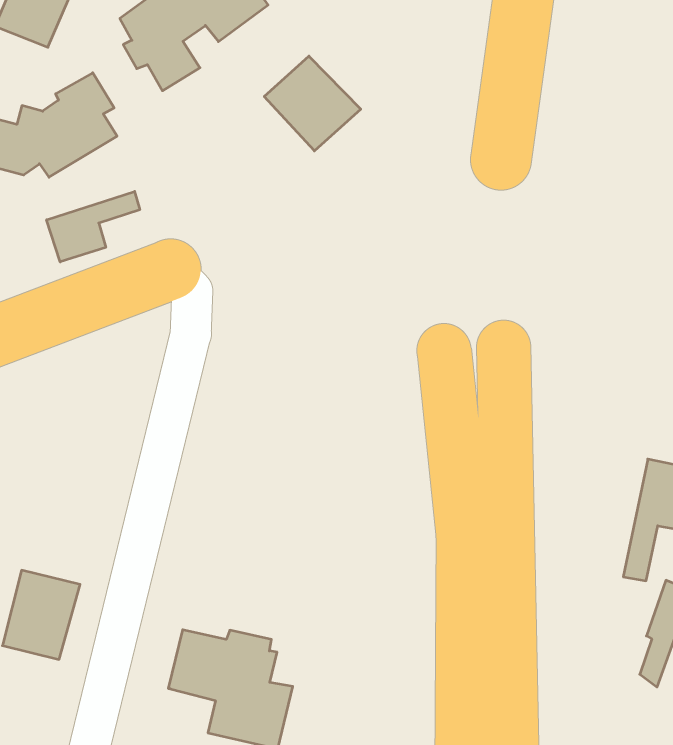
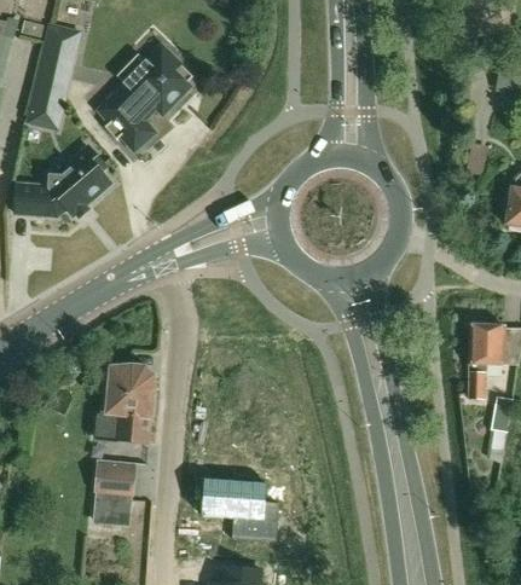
building: [264,56,361,151] -> none
building: [47,191,140,262] -> none
building: none -> [97,365,160,442]

